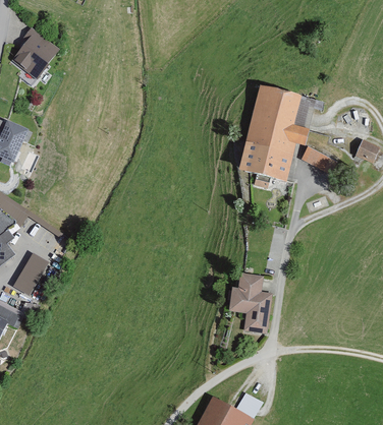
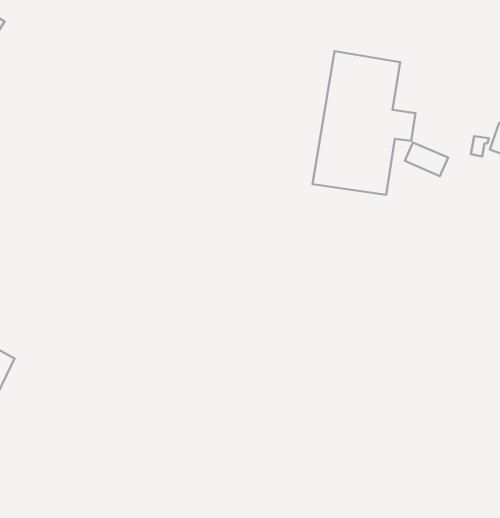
building: [228,274,269,332] -> none

